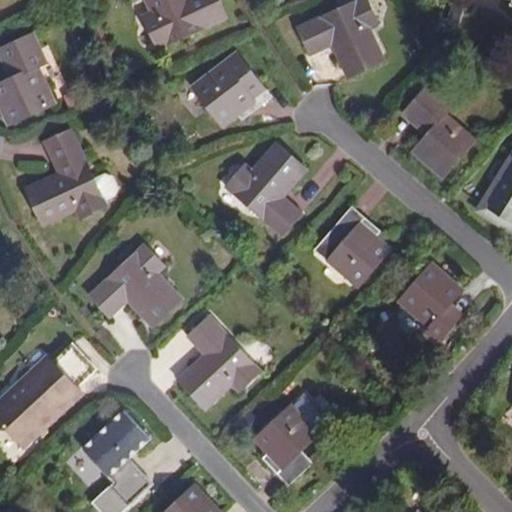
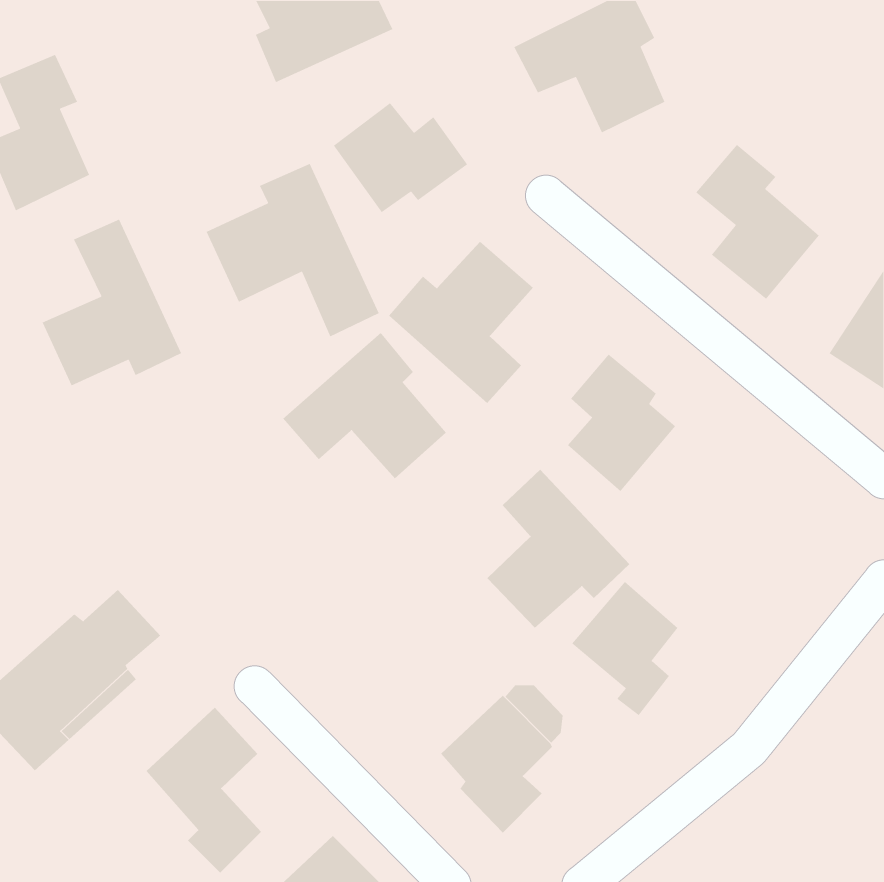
building: none -> [206,163,380,337]
building: [86,244,181,329] -> [282,332,447,479]
building: [401,264,463,342] -> [571,581,679,716]
building: [177,317,260,409] -> [486,469,630,628]

